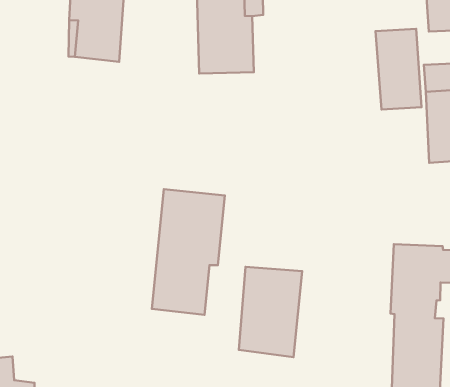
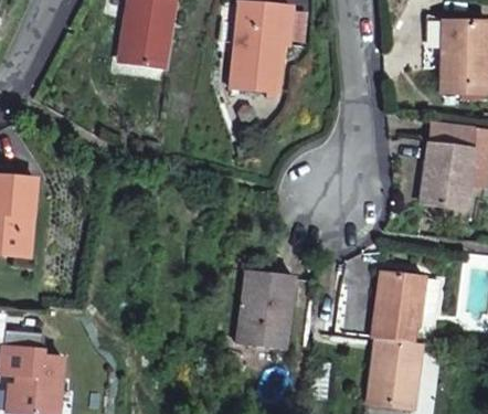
building: [375,29,421,110] -> none
building: [152,189,225,315] -> none

